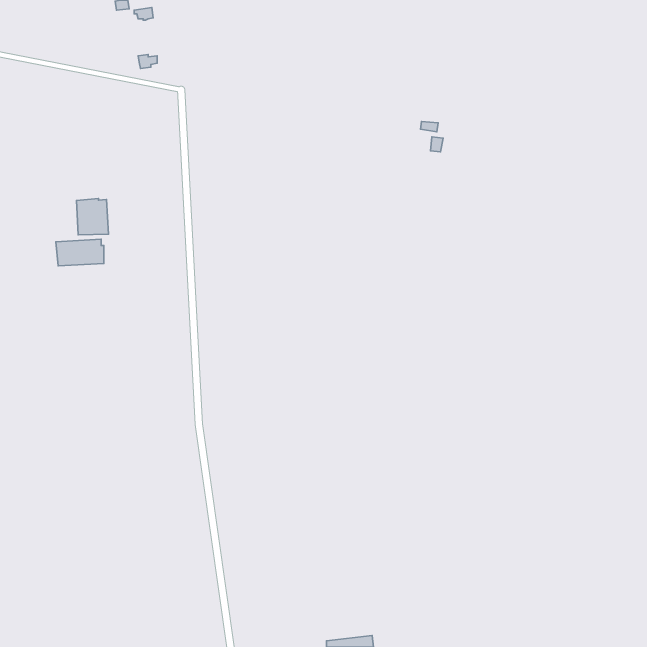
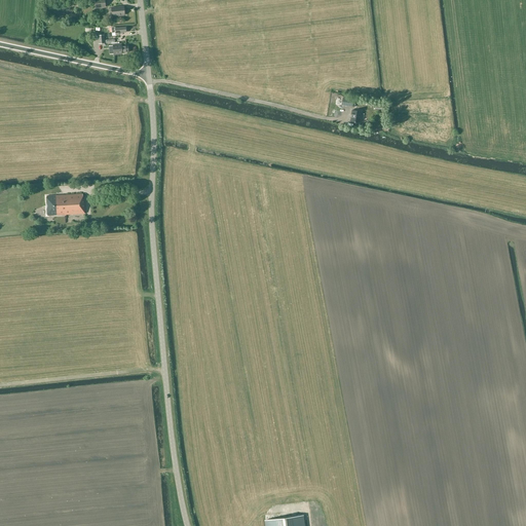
building: [76,198,108,235] -> none

